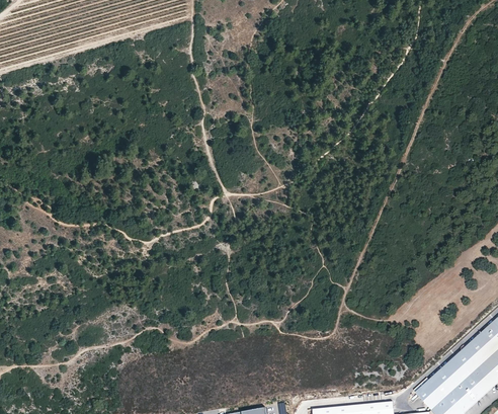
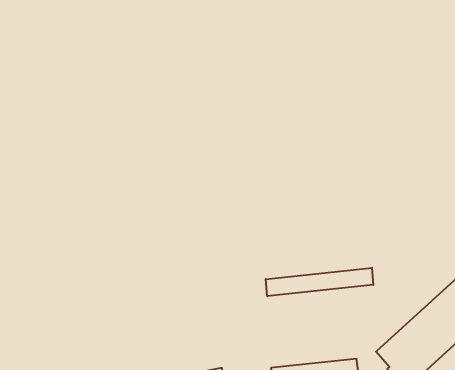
building: none -> [266,268,373,296]

